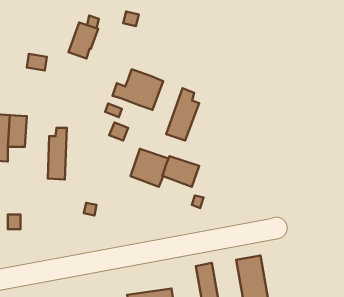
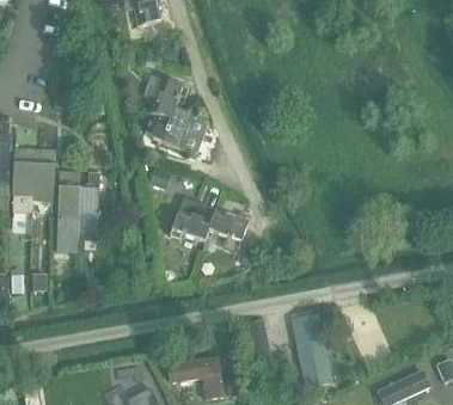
building: [68,22,98,58] -> [148,79,182,119]
building: [166,88,199,140] -> none
building: none -> [56,173,79,251]

